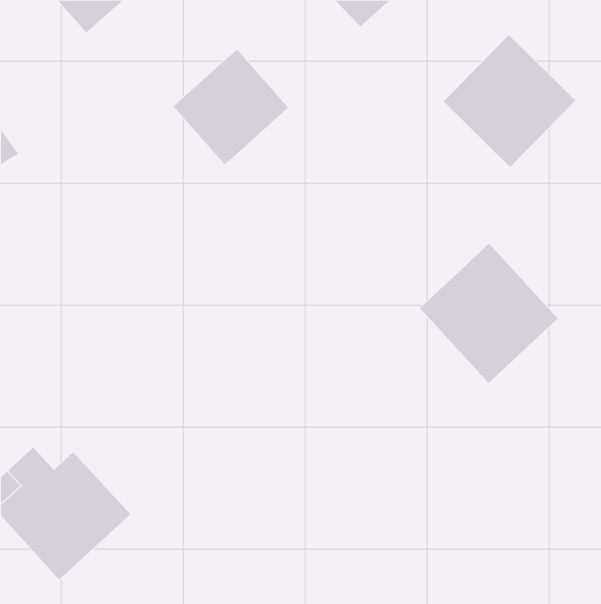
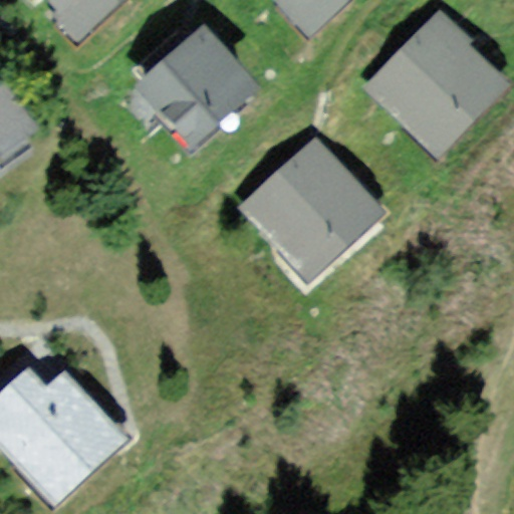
building: none -> [253,154,368,267]
building: [419,243,559,384] -> none

